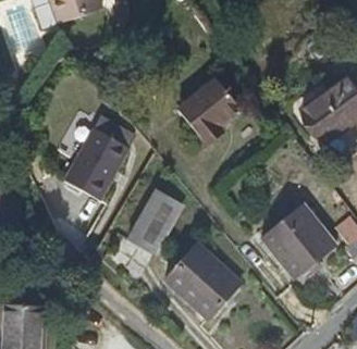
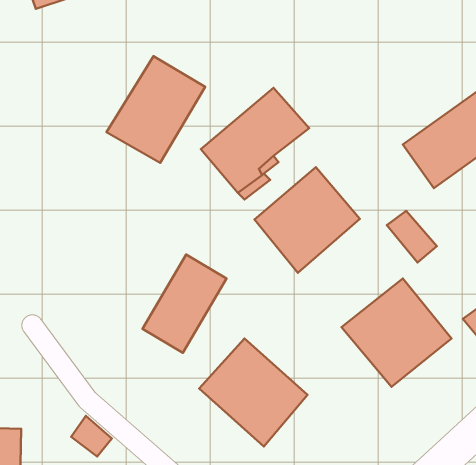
building: [63,129,130,201] -> [107,56,205,163]
building: none -> [254,167,360,273]

